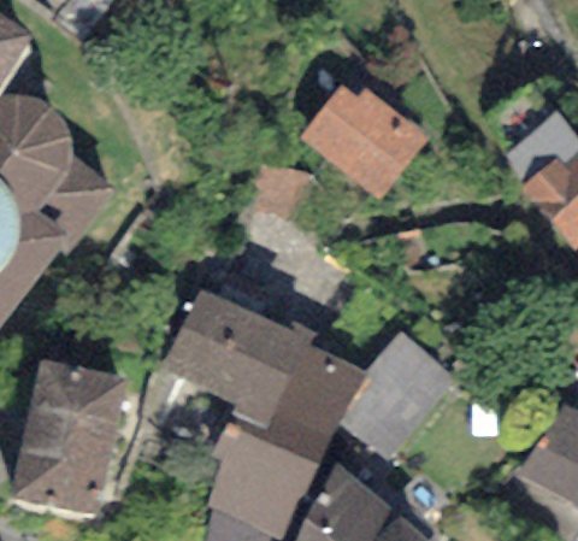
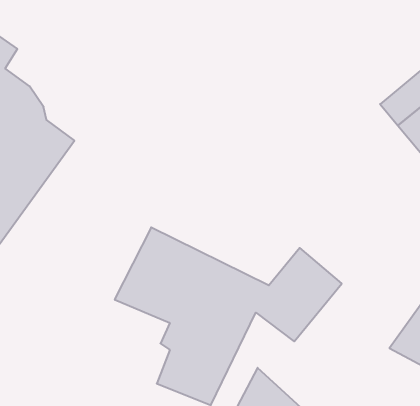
building: [309,83,417,187] -> none
building: [18,370,122,518] -> none

